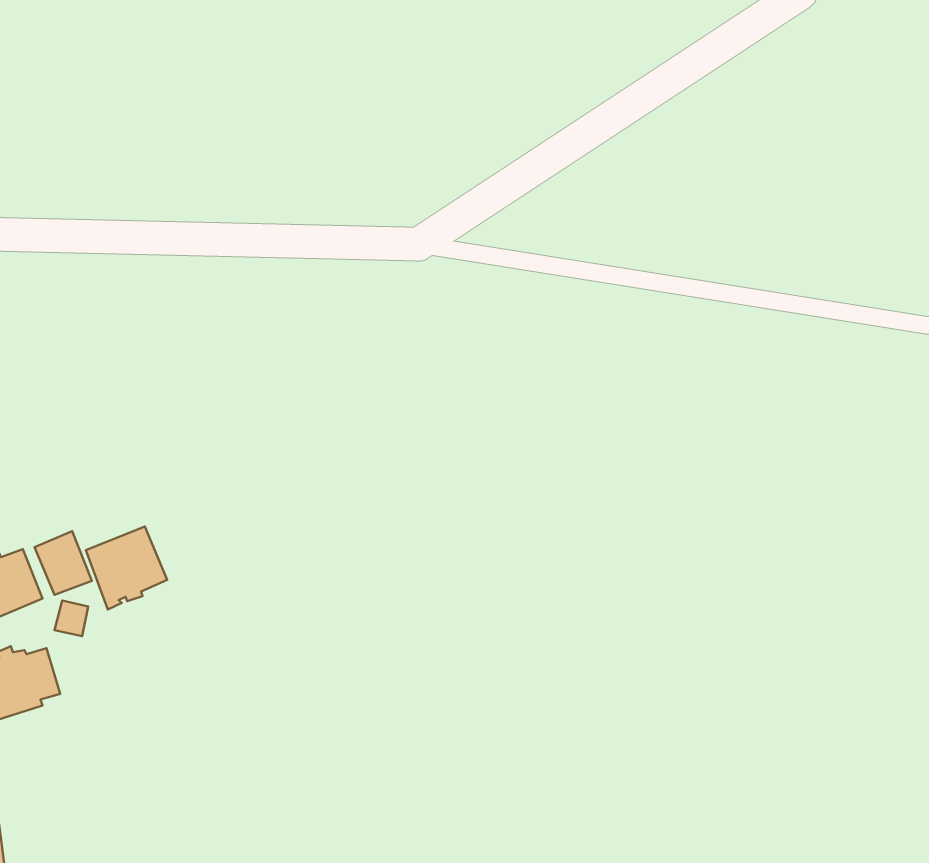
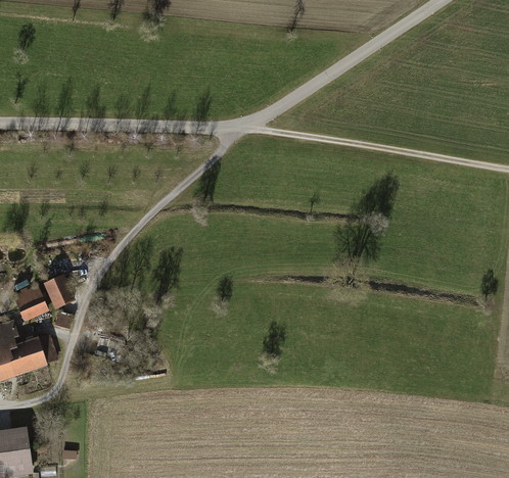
building: [86,527,167,610] -> none

